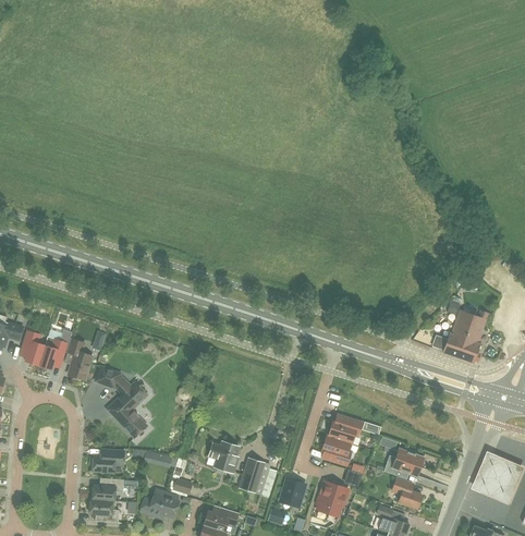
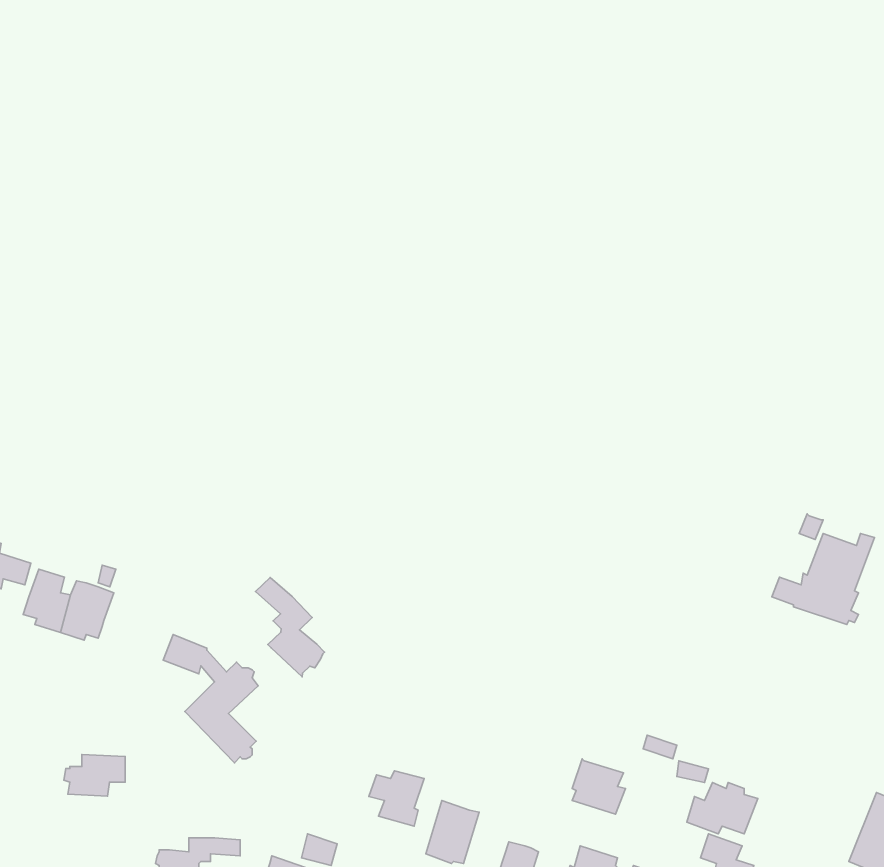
building: none -> [256,577,325,677]
building: [68,339,93,379] -> none
building: [328,414,361,442] -> none
building: [90,449,124,472] -> [64,755,125,796]

